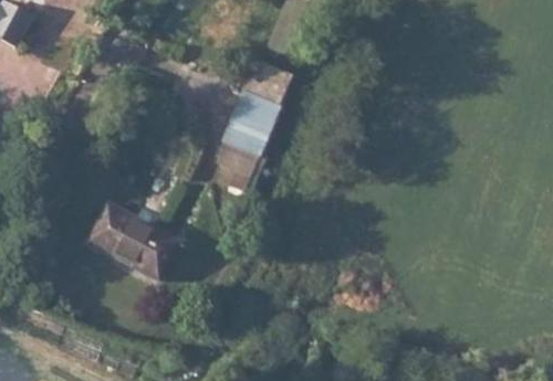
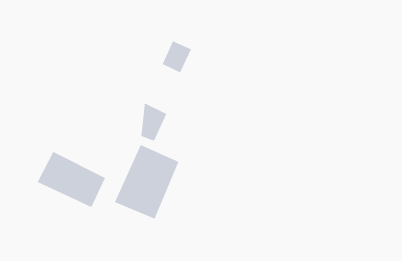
building: [225,98,275,160] -> none
building: none -> [114,144,179,220]

